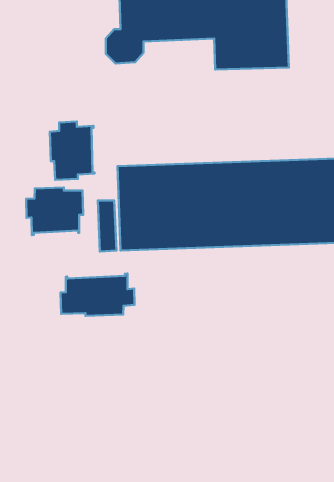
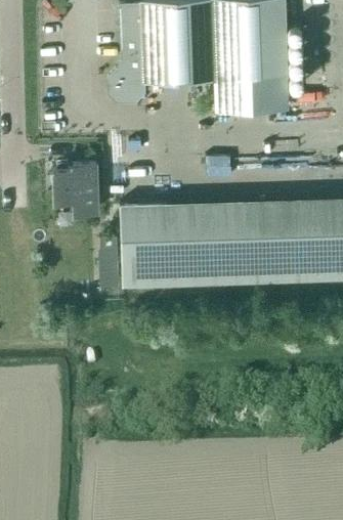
building: [26,187,83,235] -> none
building: [61,274,134,316] -> none

